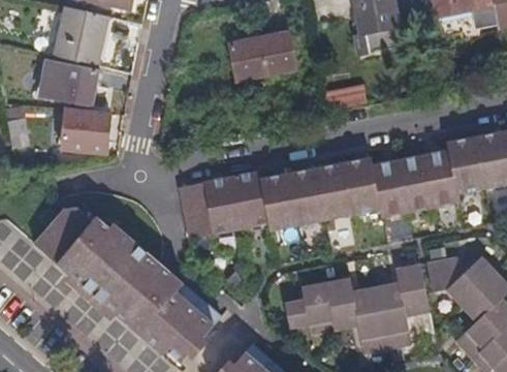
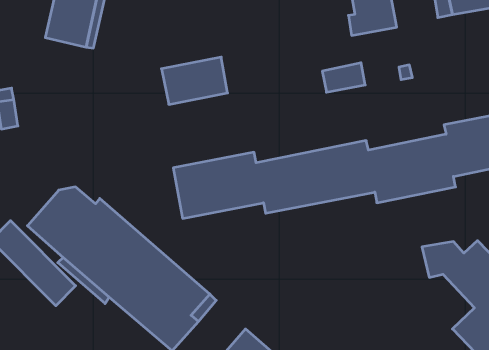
building: [228,33,293,80] -> [161,57,228,104]
building: [38,63,94,105] -> none
building: [61,107,118,152] -> none
building: [285,265,427,353] -> none

